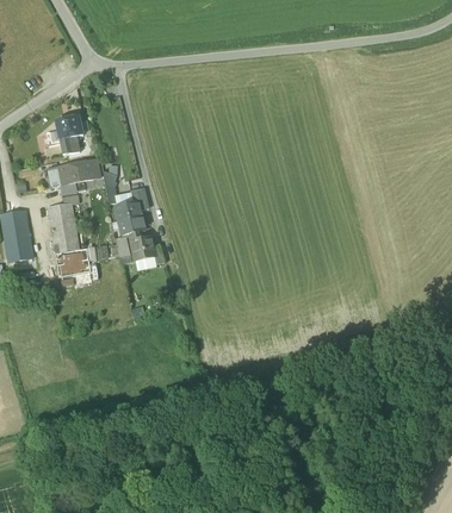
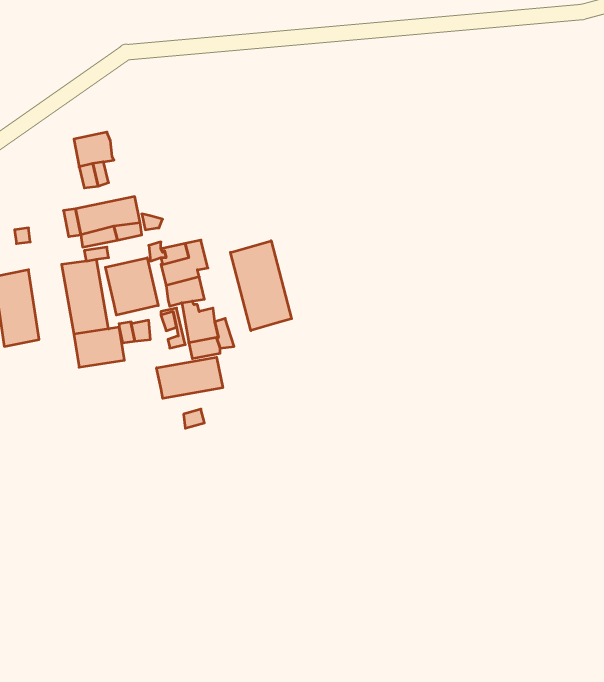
building: none -> [230,241,292,331]
building: none -> [105,258,158,315]
building: none -> [157,357,223,398]

